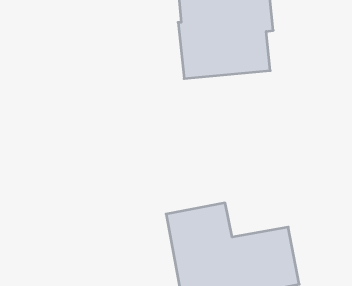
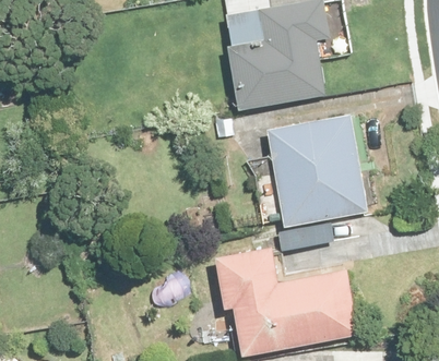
building: none -> [263,116,369,227]

